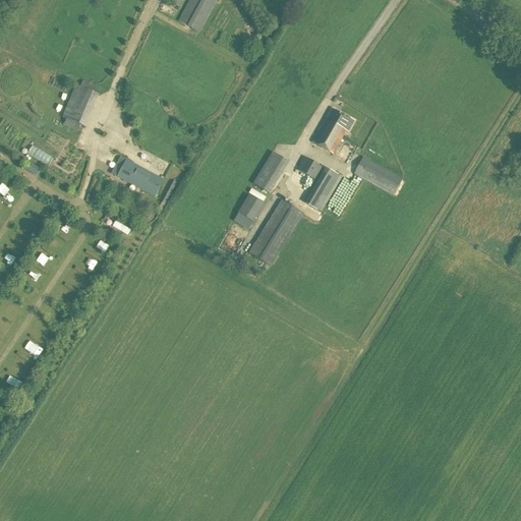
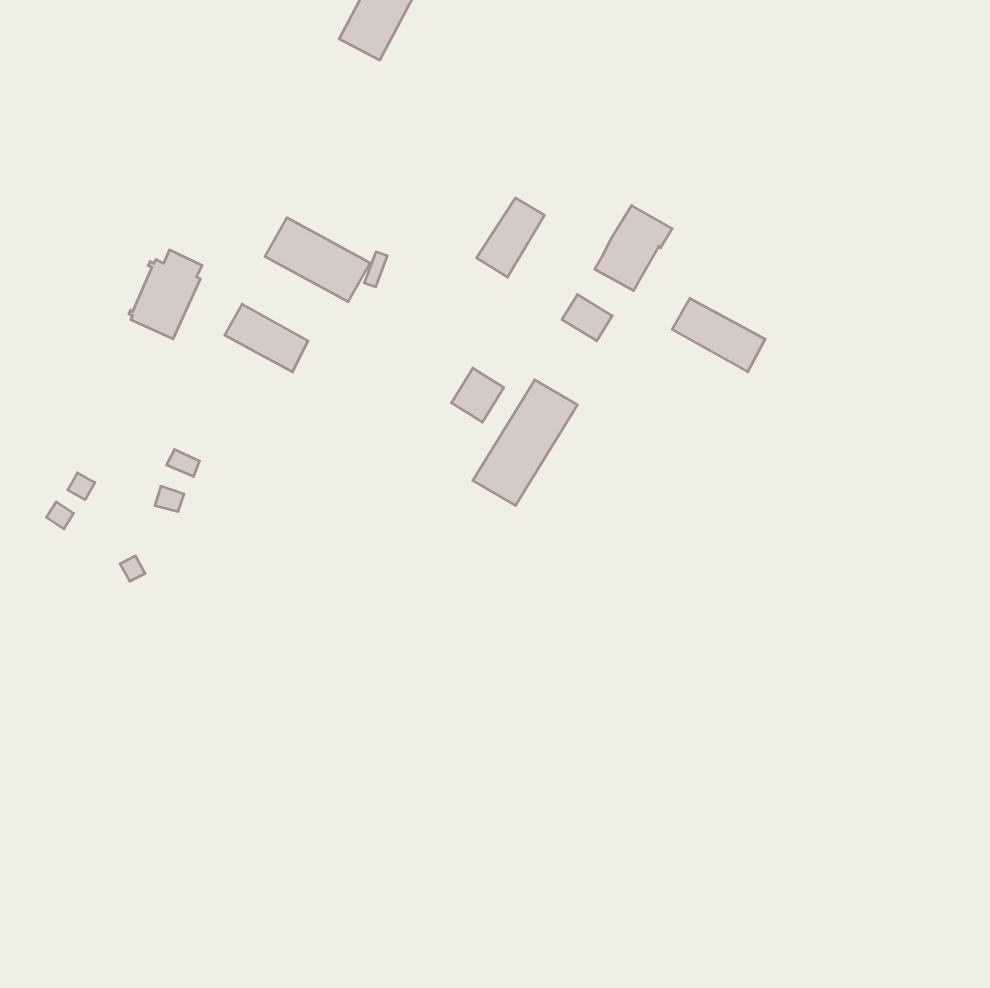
building: [61,79,100,126] -> [129,250,202,339]
building: none -> [265,218,370,302]
building: [252,152,288,193] -> [477,198,544,277]
building: [304,167,342,212] -> none

